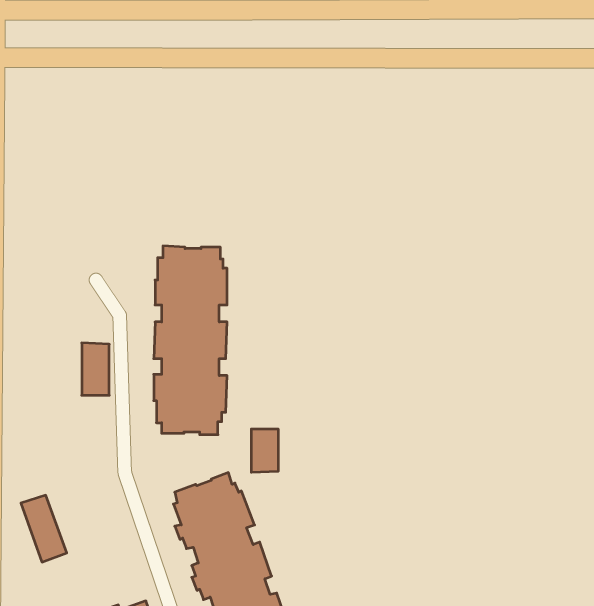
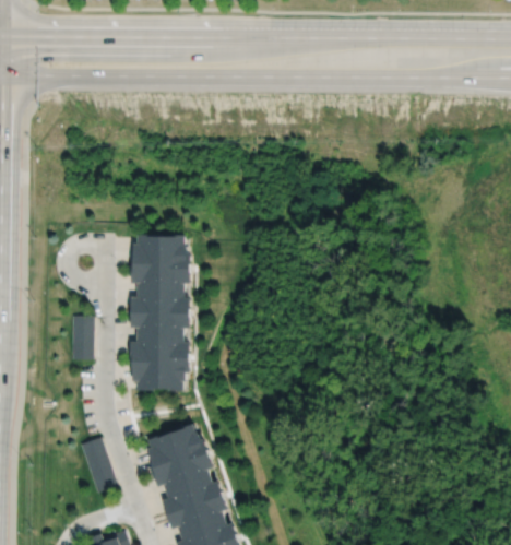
building: [251,429,278,472] -> none
building: [21,495,67,562] -> [79,438,117,494]

